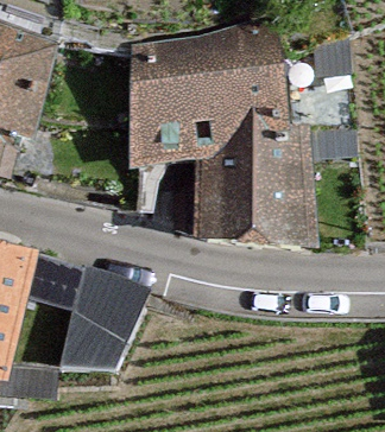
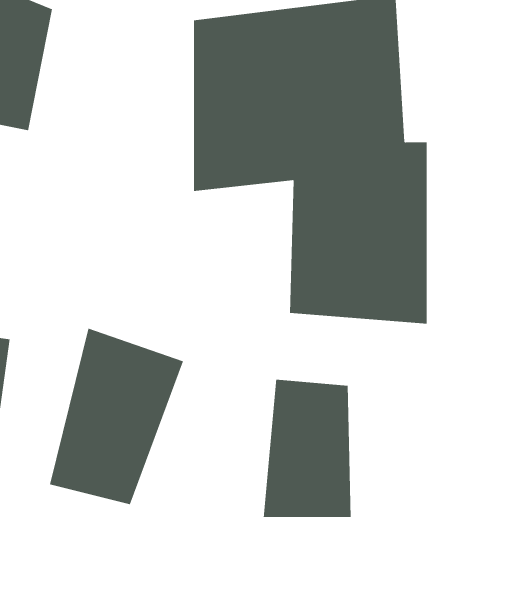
building: none -> [263,379,351,518]

